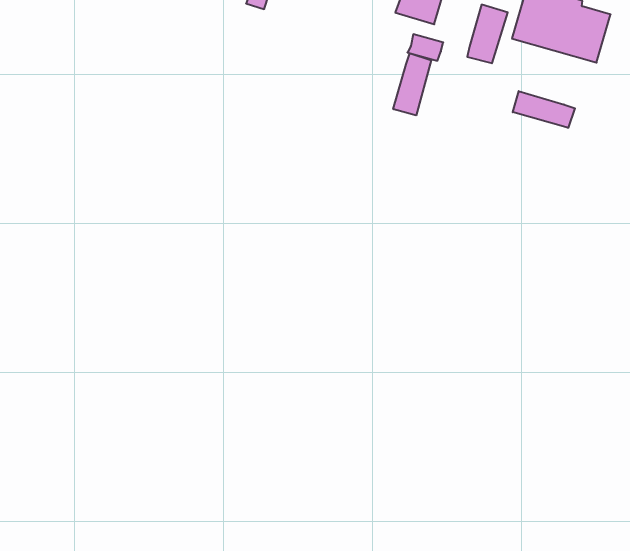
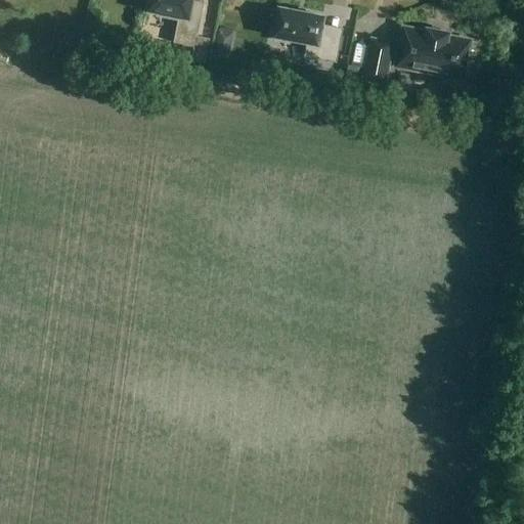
building: [393,53,431,115] -> none
building: [513,91,575,128] -> none

